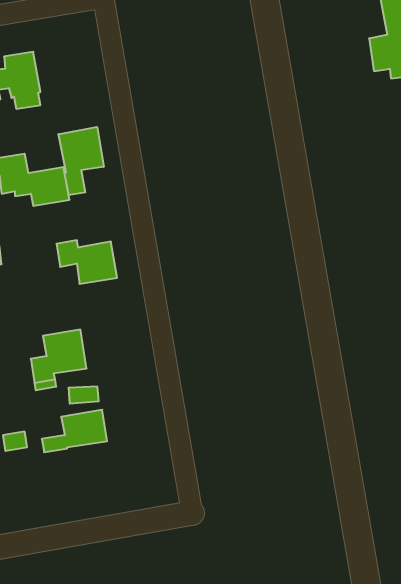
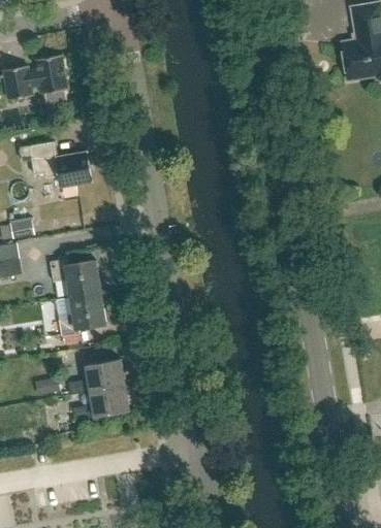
building: [58,127,104,195] -> none
building: [56,240,117,284] -> [50,258,101,295]
building: none -> [72,385,129,420]

